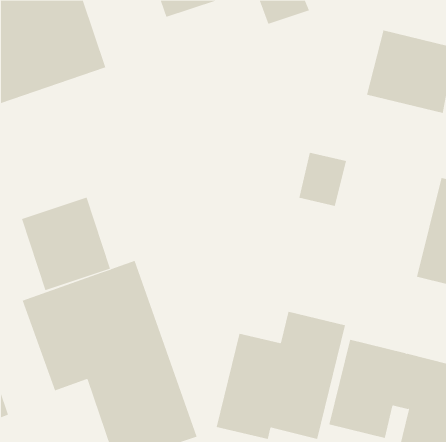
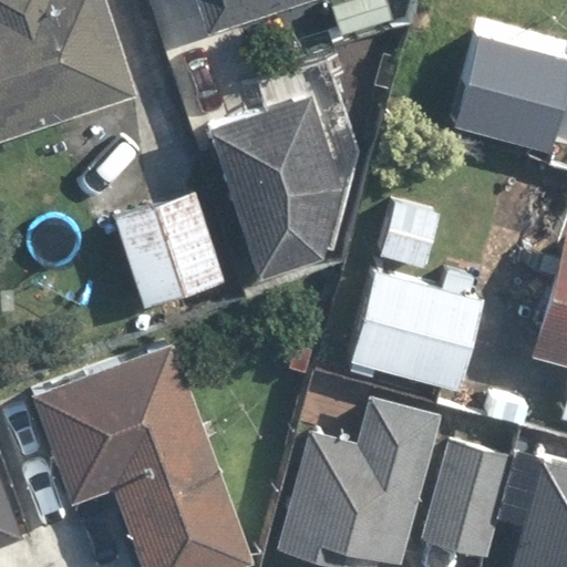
building: none -> [210,94,342,277]
building: [21,197,111,291] -> [113,193,226,311]
building: none -> [321,270,483,406]

